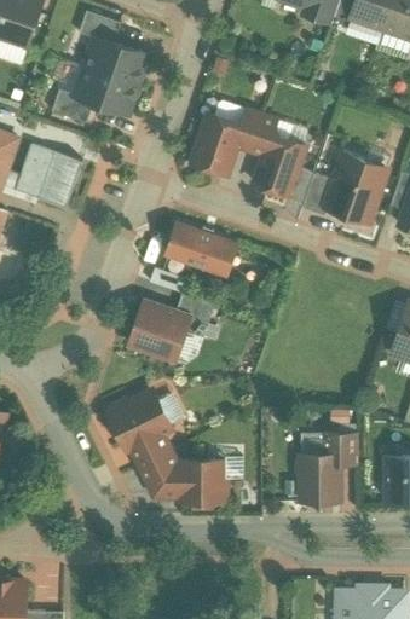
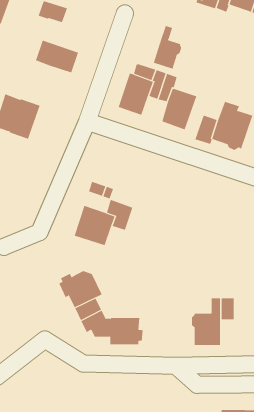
building: [85,36,148,85] -> none
building: none -> [153,25,182,70]
building: [51,88,93,123] -> none
building: [167,224,236,273] -> none

